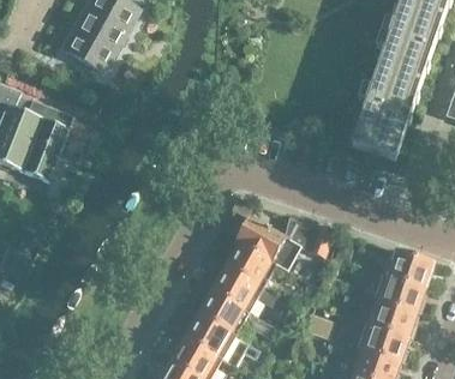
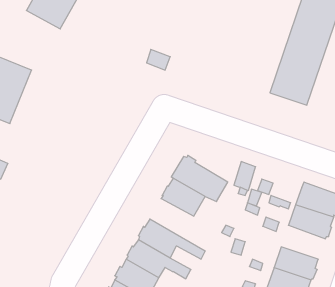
building: [210,267,291,314] -> none
building: [364,299,415,338] -> none

